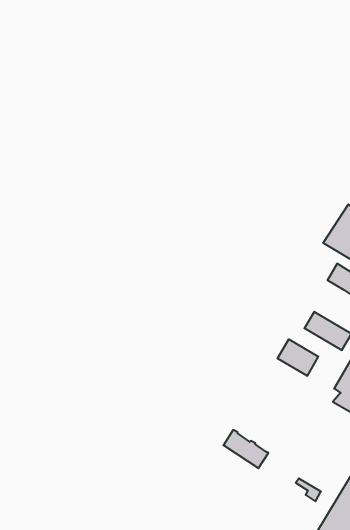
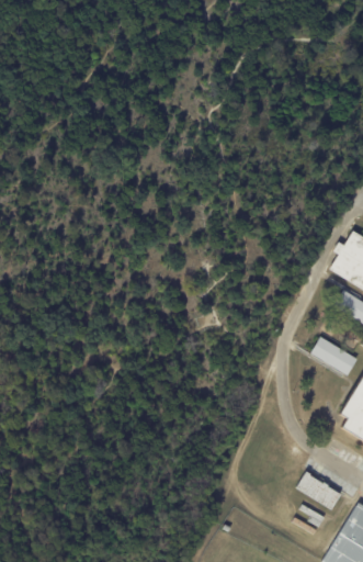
building: [278,339,318,376] -> none
building: [223,430,268,468] -> [300,472,345,510]

